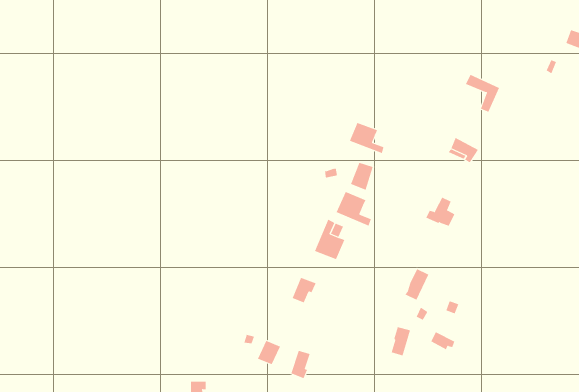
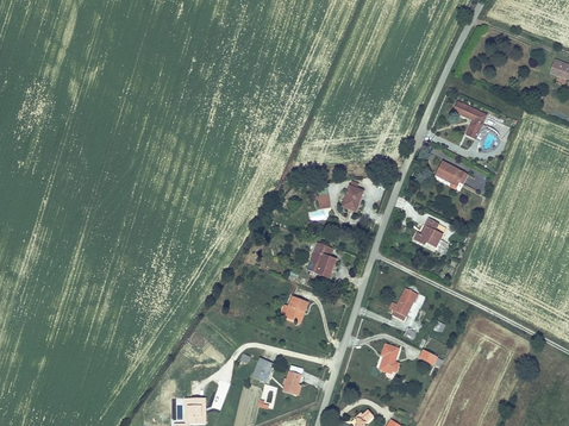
building: [349,122,384,154] -> none
building: [336,191,372,226] -> none

